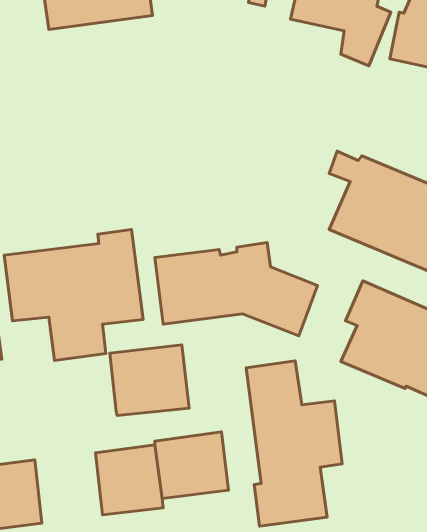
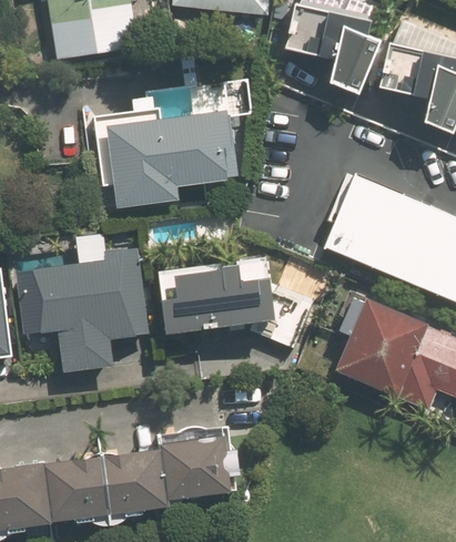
building: none -> [91,98,236,204]
building: [110,345,189,415] -> none
building: [246,361,342,526] -> none
building: none -> [43,458,108,524]

